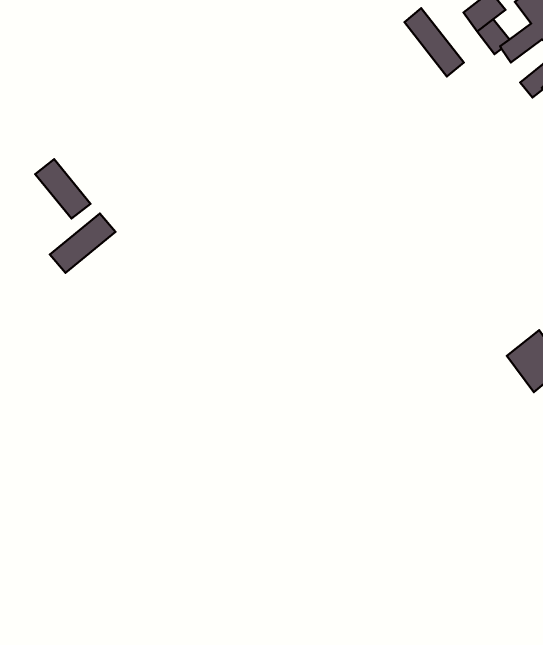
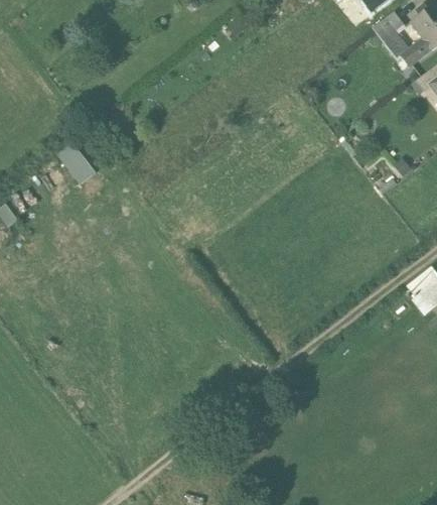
building: [404,8,464,76] -> none
building: [50,213,116,273] -> none

